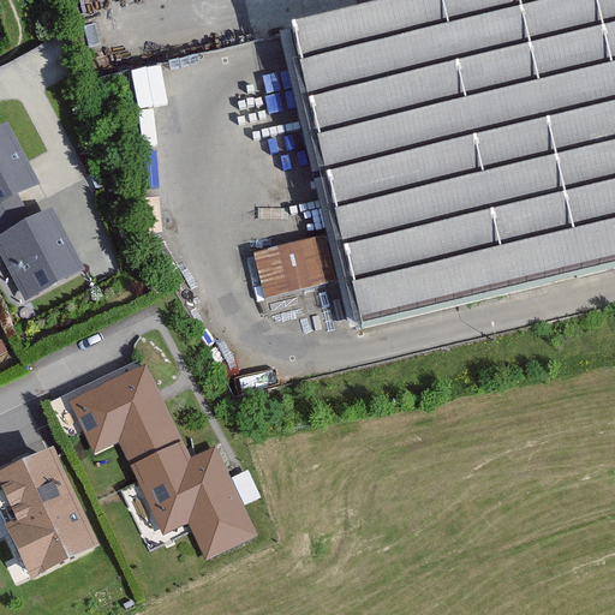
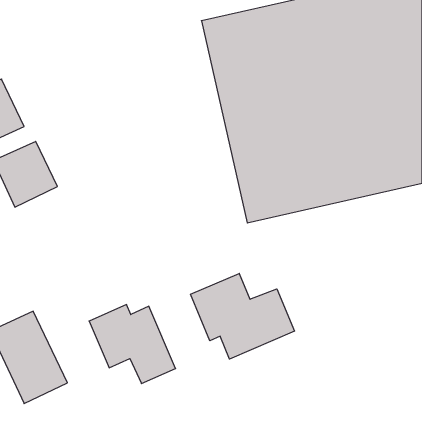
building: [250,227,335,292] -> none
building: [68,364,183,464] -> none
building: none -> [191,273,294,359]

